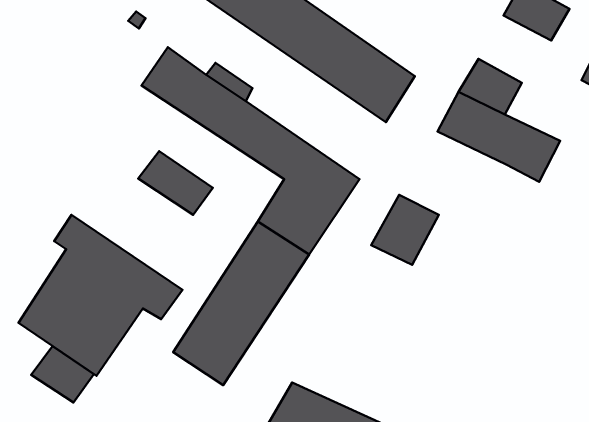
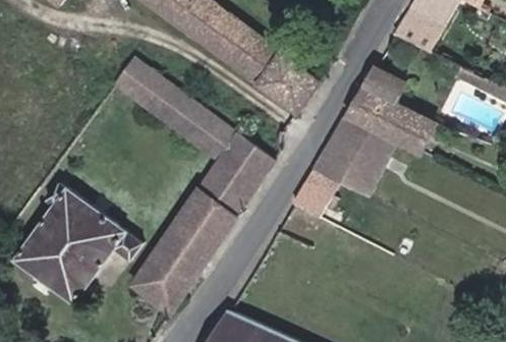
building: none -> [308,117,391,194]
building: [138,151,213,215] -> none
building: [31,346,94,402] -> none

